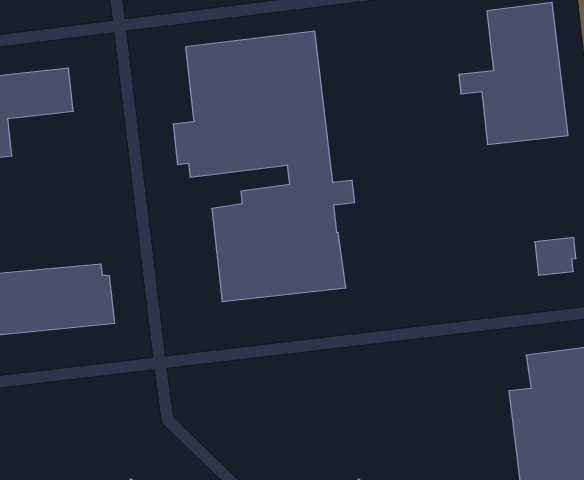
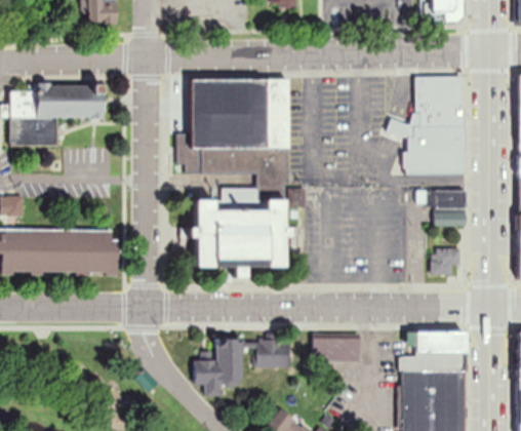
building: none -> [417,190,464,225]
building: none -> [313,337,360,360]
building: none -> [256,341,282,366]
building: none -> [195,339,242,395]

